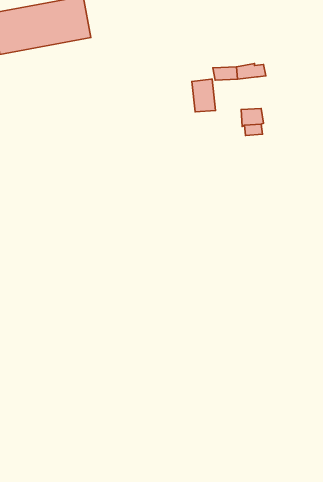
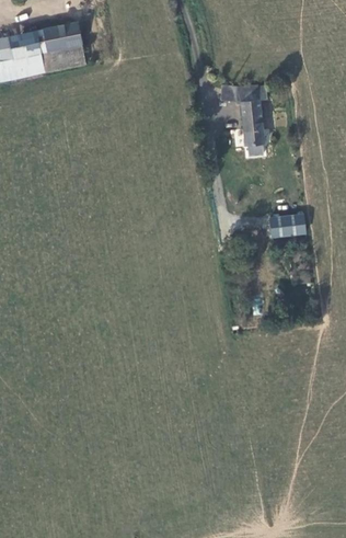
building: [192,79,216,112] -> [239,98,262,129]
building: none -> [268,213,303,236]

